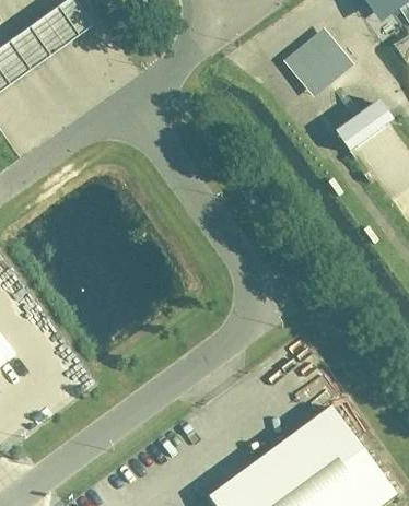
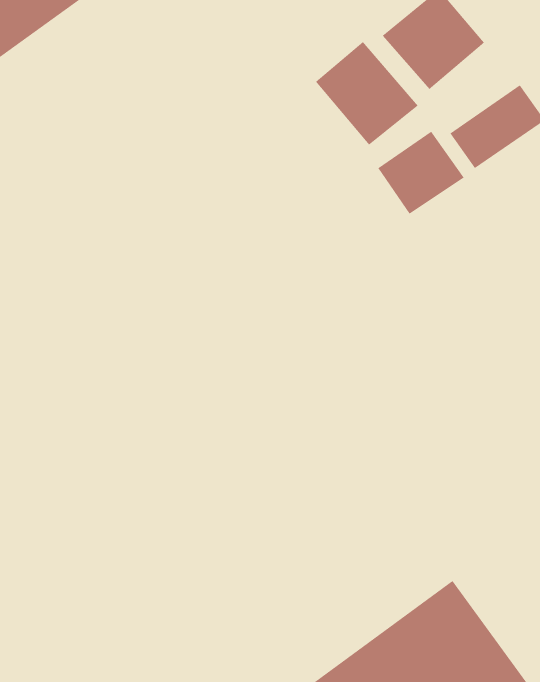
building: none -> [315,41,418,146]
building: none -> [377,131,464,215]

